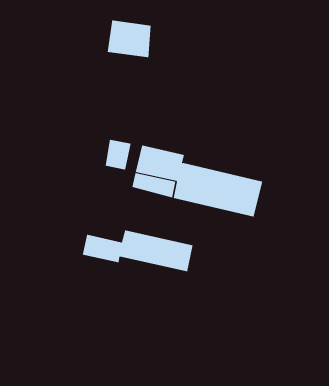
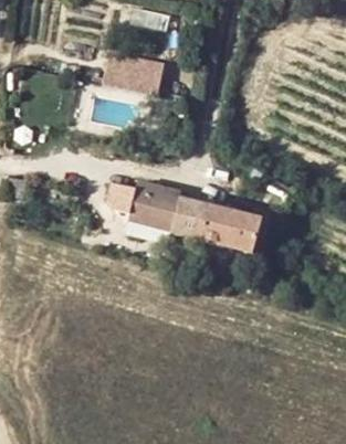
building: [82,229,193,272] -> none

